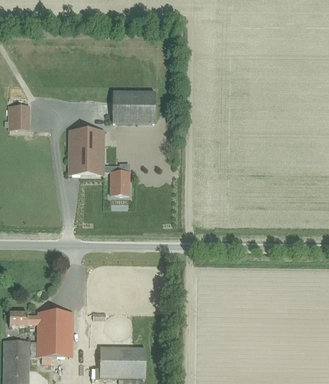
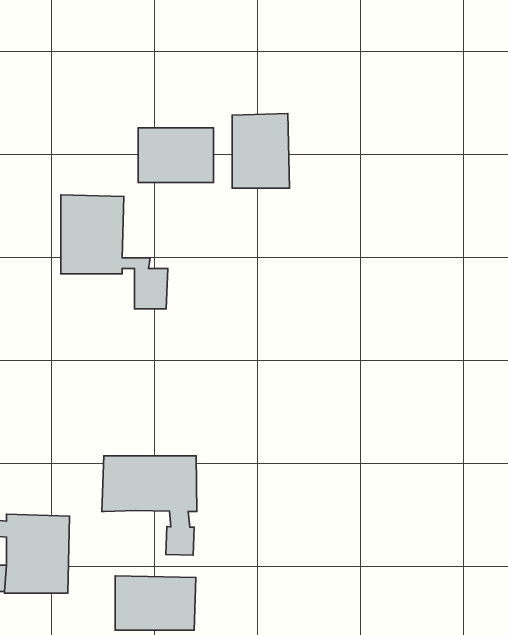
building: none -> [232,114,290,188]
building: none -> [102,456,197,555]

